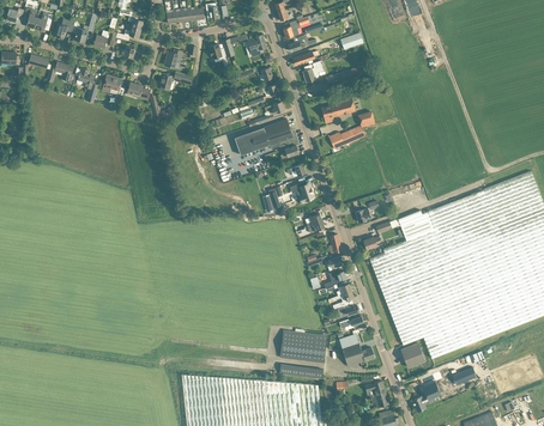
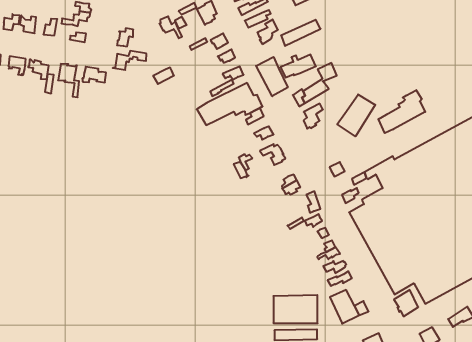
building: none -> [256,57,288,96]
building: none -> [337,94,375,136]
building: none -> [378,90,425,133]

